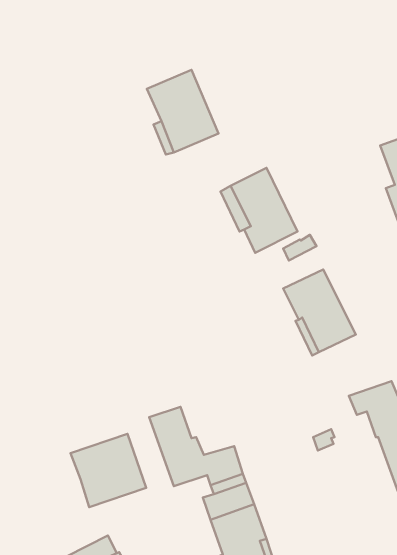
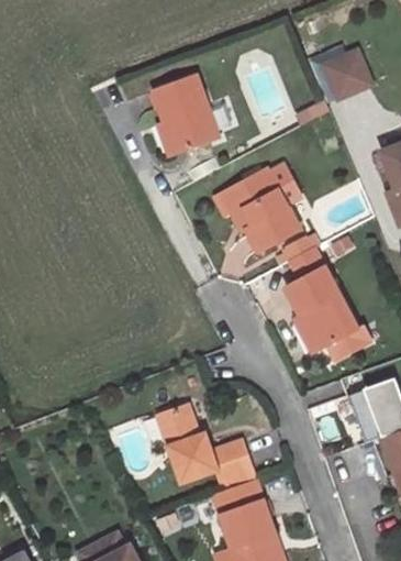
building: none -> [325,48,374,97]
building: [71,434,146,507] -> none

